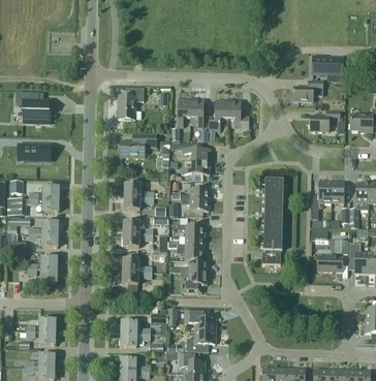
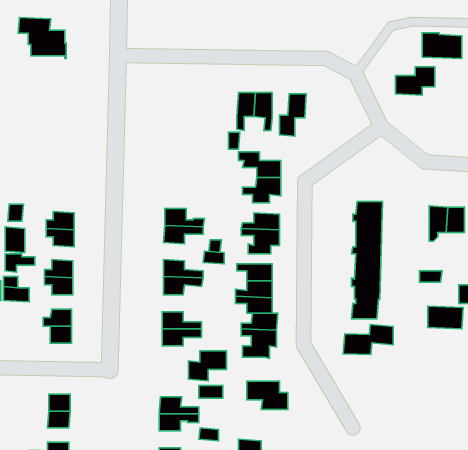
building: [117,88,143,119] -> none
building: [14,91,50,121] -> [18,18,66,59]
building: [226,100,248,128] -> none
building: [309,110,339,131] -> none
building: [121,134,155,157] -> none
building: [23,145,50,161] -> none
building: none -> [343,325,393,354]
building: [186,330,214,352] -> [188,351,227,381]

